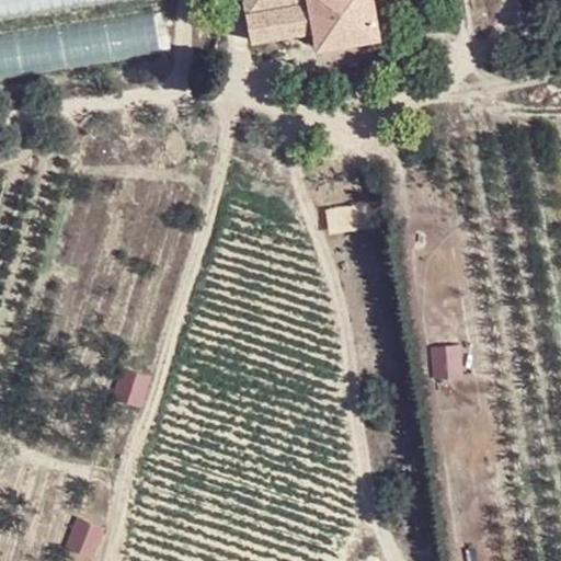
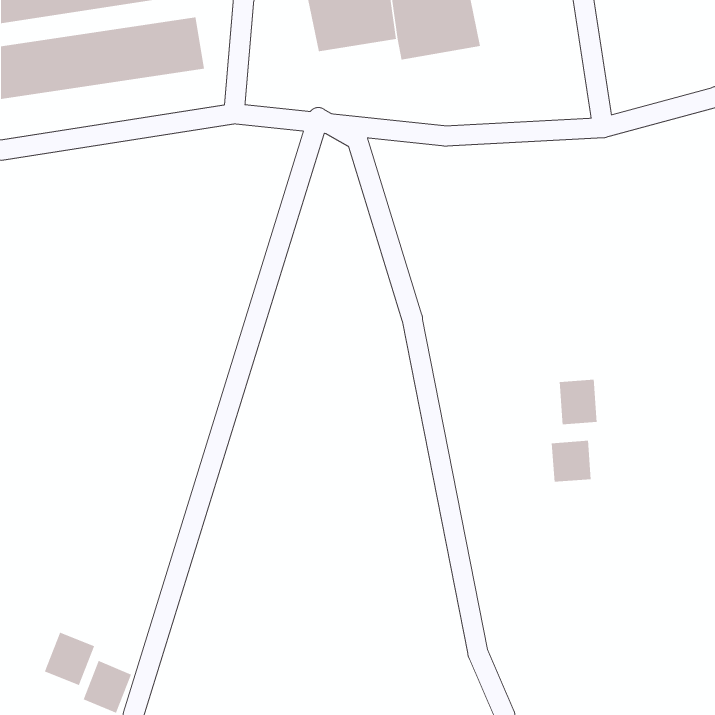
building: none -> [559,379,597,425]
building: [114,368,152,407] -> none
building: none -> [44,632,95,686]

